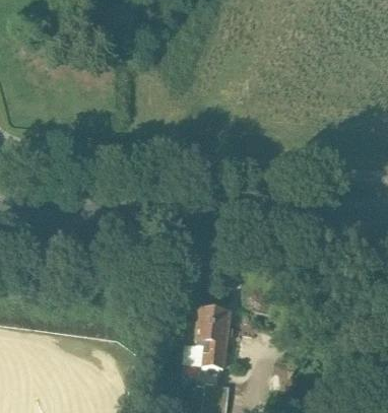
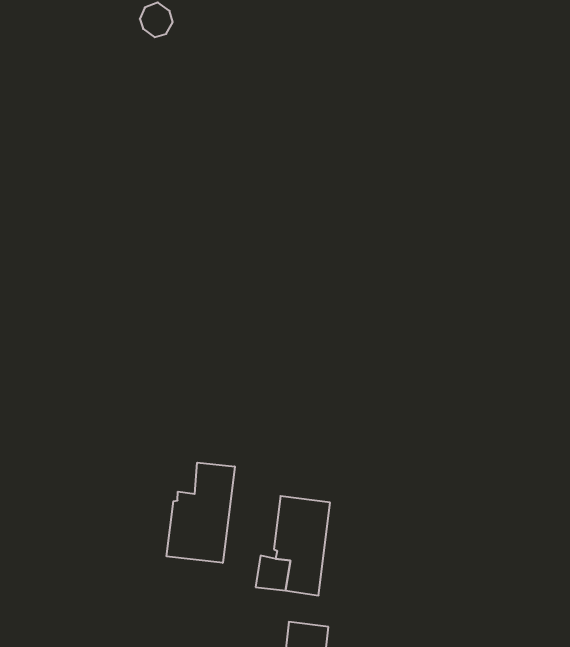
building: none -> [167,463,235,563]

